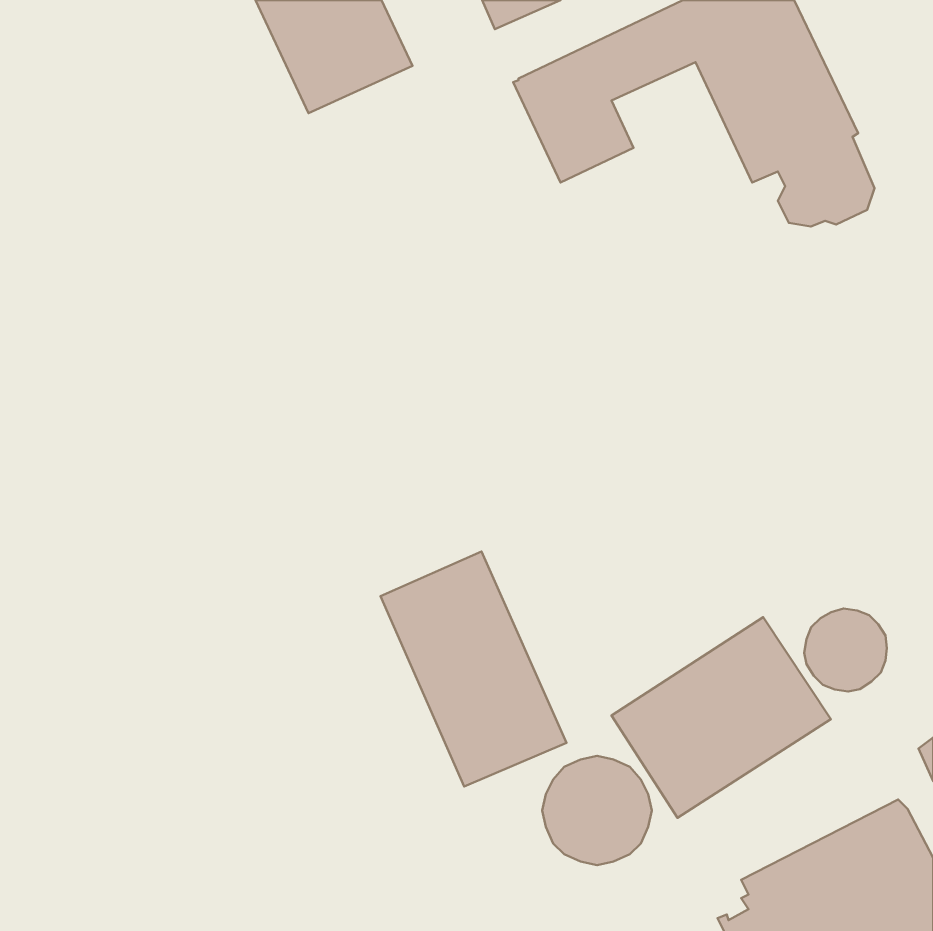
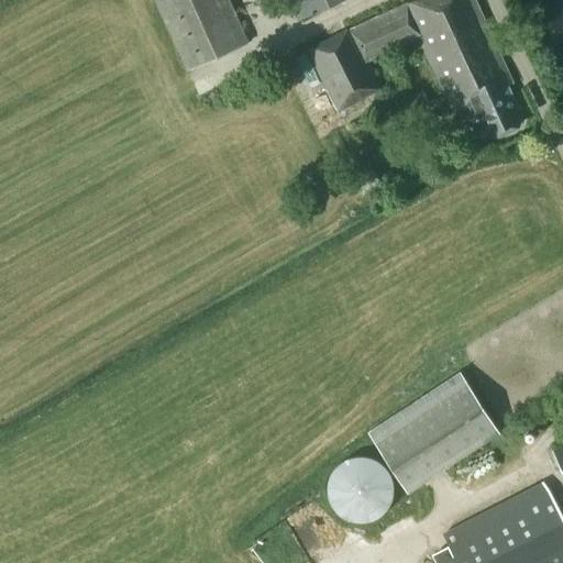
building: [381,551,567,787] -> none
building: [804,608,887,692] -> none

